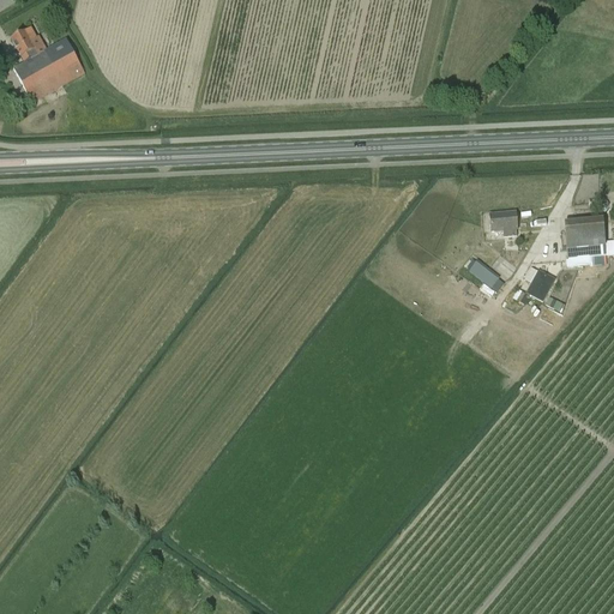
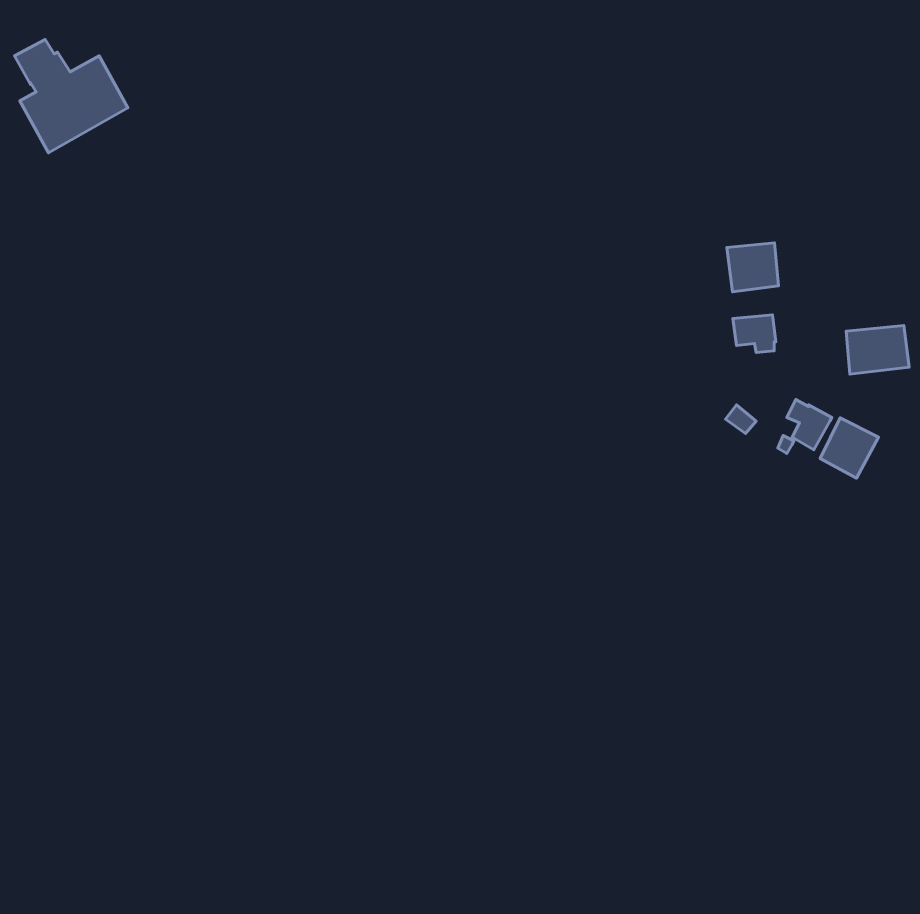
building: none -> [727,243,778,292]
building: none -> [820,418,879,478]

